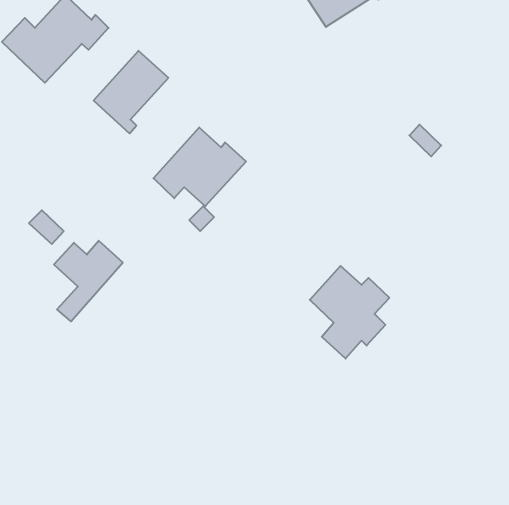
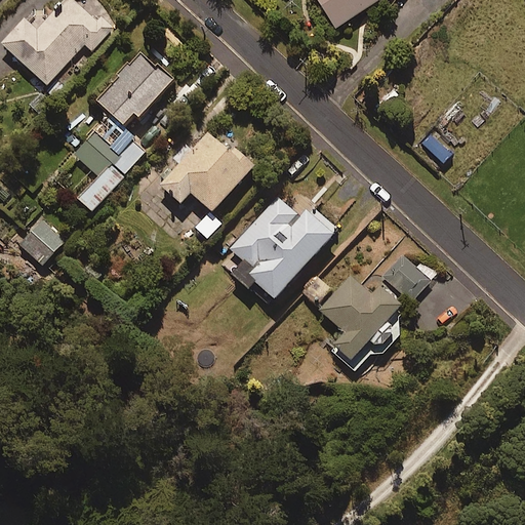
building: none -> [230,195,332,300]
building: [54,241,123,321] -> [74,128,145,211]
building: none -> [382,251,431,299]

